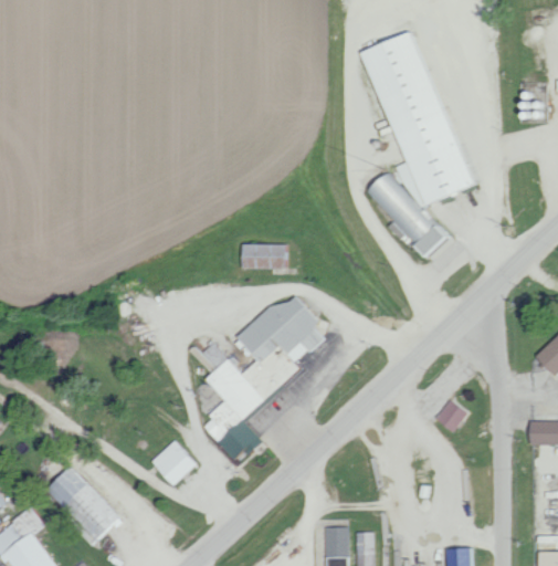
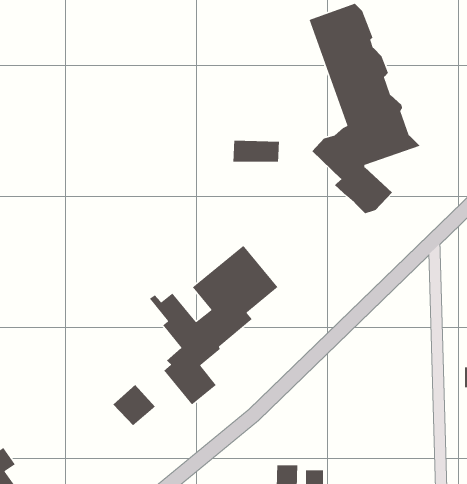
building: [240,243,291,268] -> [232,140,280,163]
building: [435,399,467,432] -> none
building: [45,463,120,542] -> none

